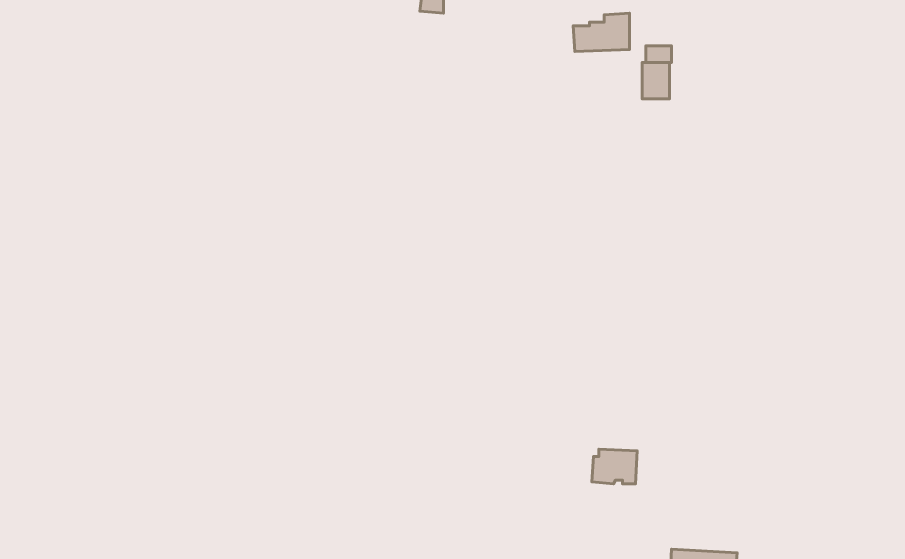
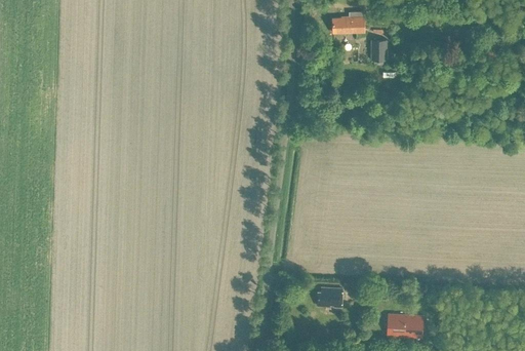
building: [592,449,637,484] -> [316,288,341,308]

